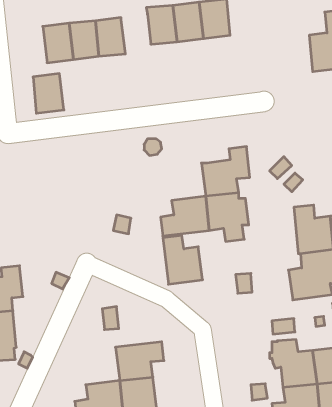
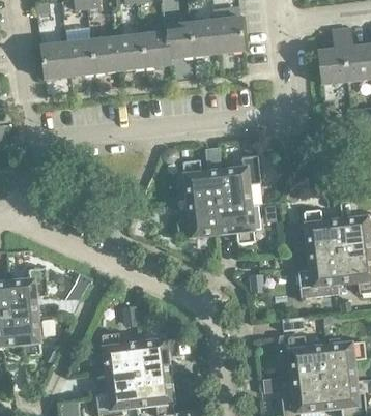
building: none -> [140,30,169,67]
building: [33,74,64,113] -> [41,41,70,79]
building: [163,236,203,284] -> [182,159,220,205]
building: none -> [102,332,139,378]

